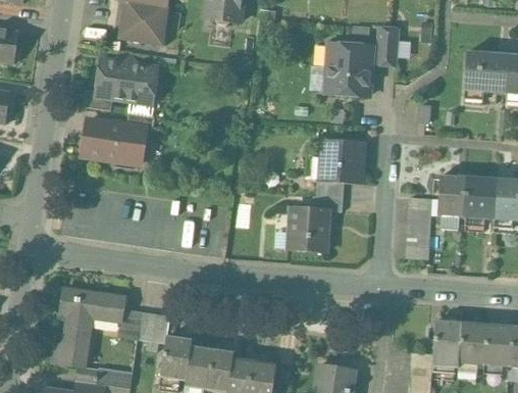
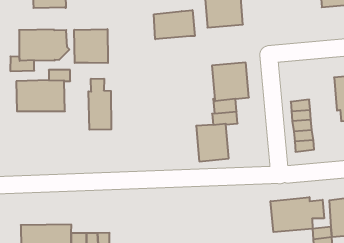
building: none -> [154,10,195,39]
building: none -> [74,29,108,63]
building: none -> [88,79,111,130]
building: [438,174,466,229] -> none
building: none -> [271,197,324,232]

